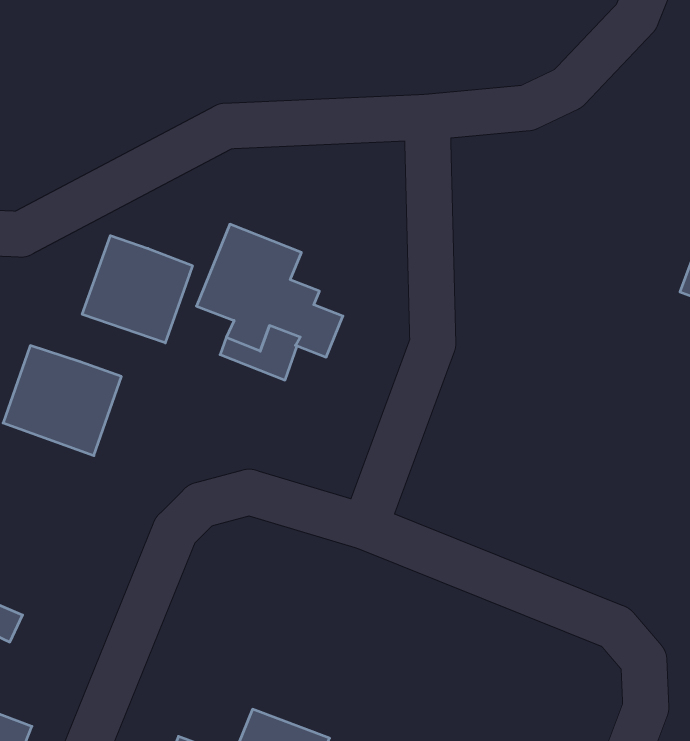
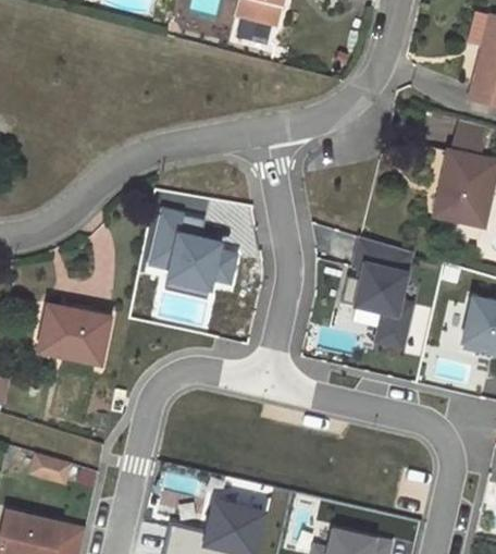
building: [82,236,192,343] -> none
building: none -> [342,237,412,347]

